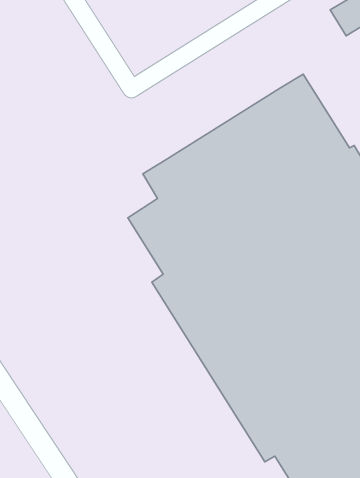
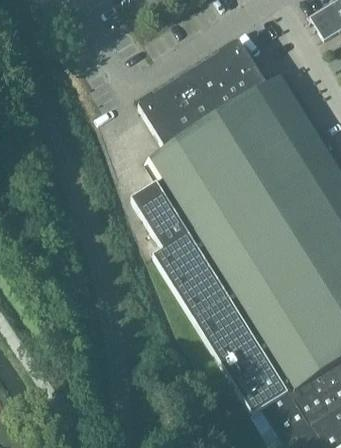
building: none -> [137,41,265,147]

